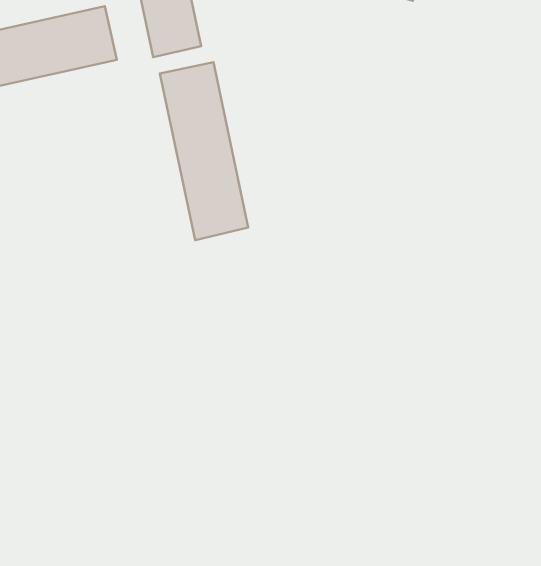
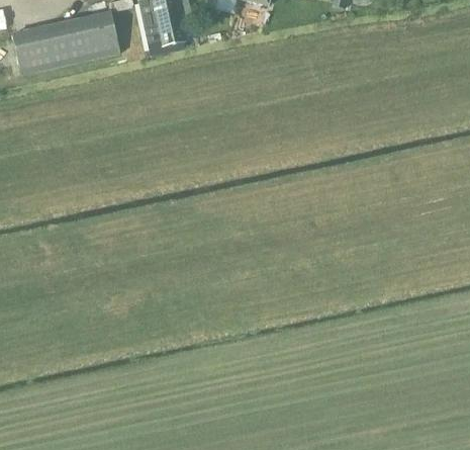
building: [160,62,248,240] -> none

